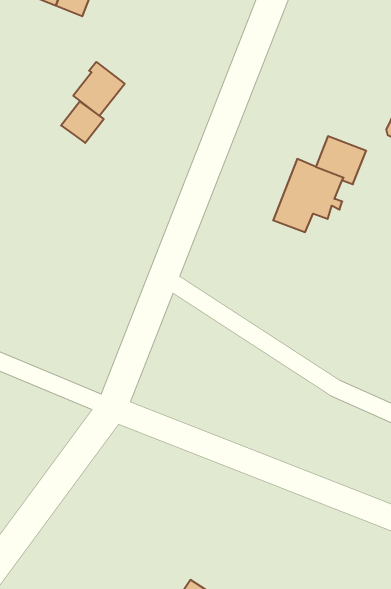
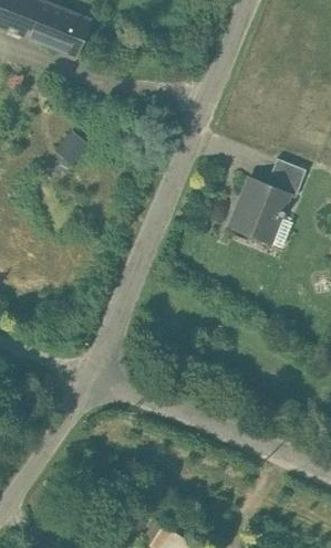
building: [73,62,125,116] -> none

